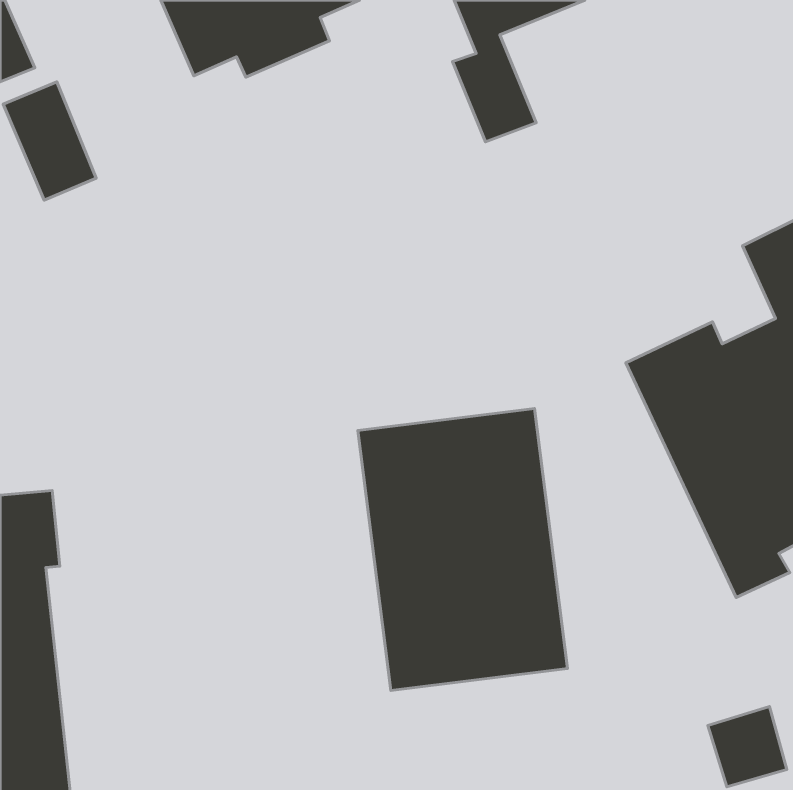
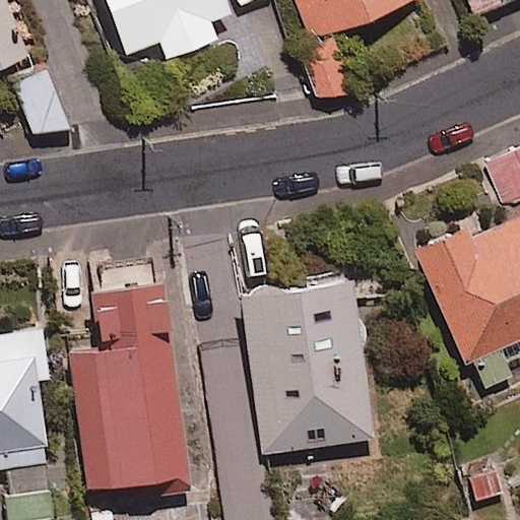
building: none -> [66,268,192,504]

